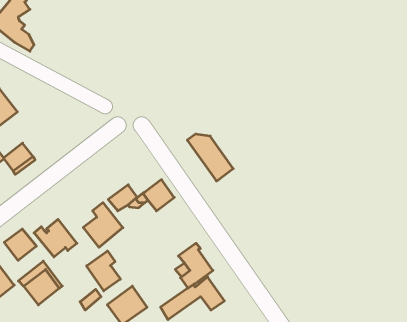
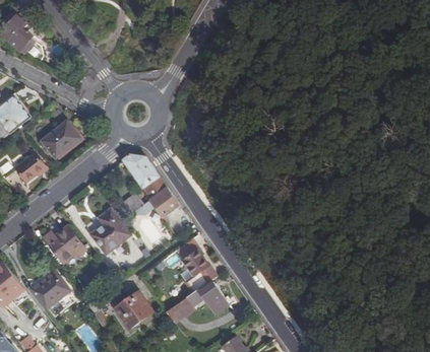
building: none -> [42,120,80,157]
building: [187,134,233,181] -> [123,153,168,199]
building: [4,229,36,260] -> none
building: [87,251,120,291] -> none

